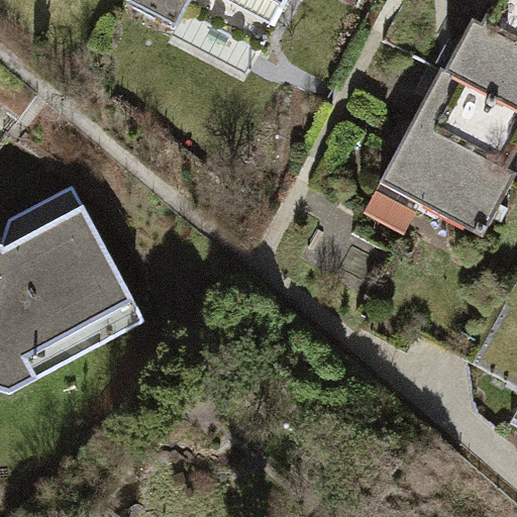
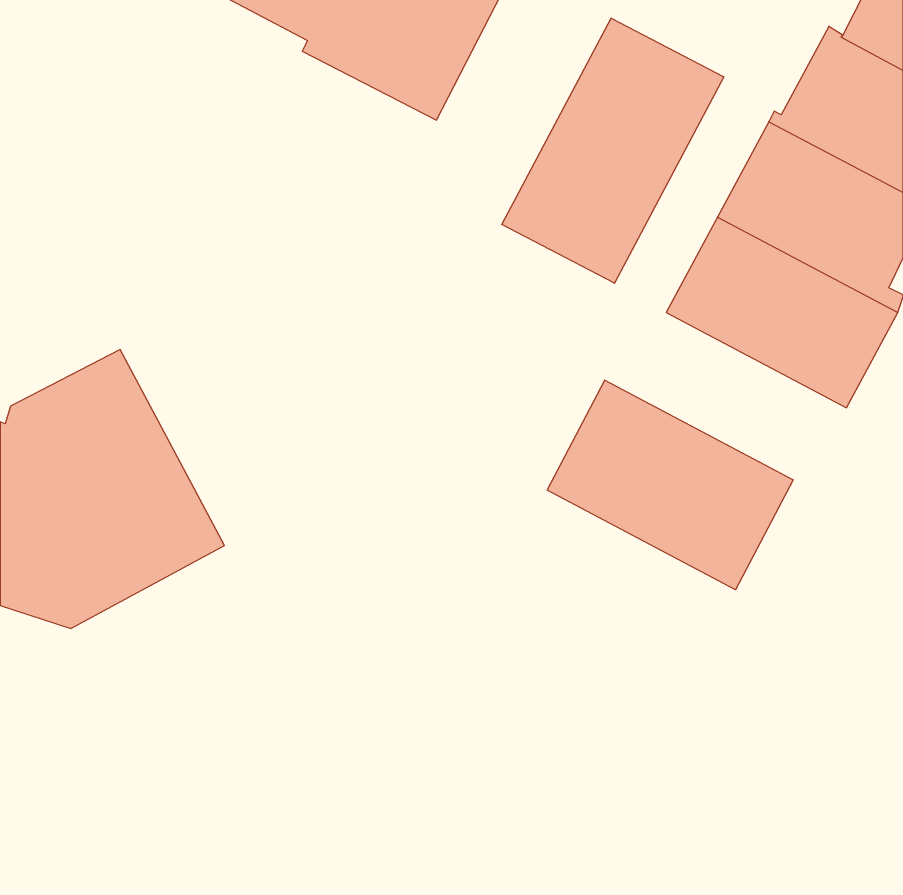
building: none -> [502,18,724,283]
building: none -> [547,380,793,590]

